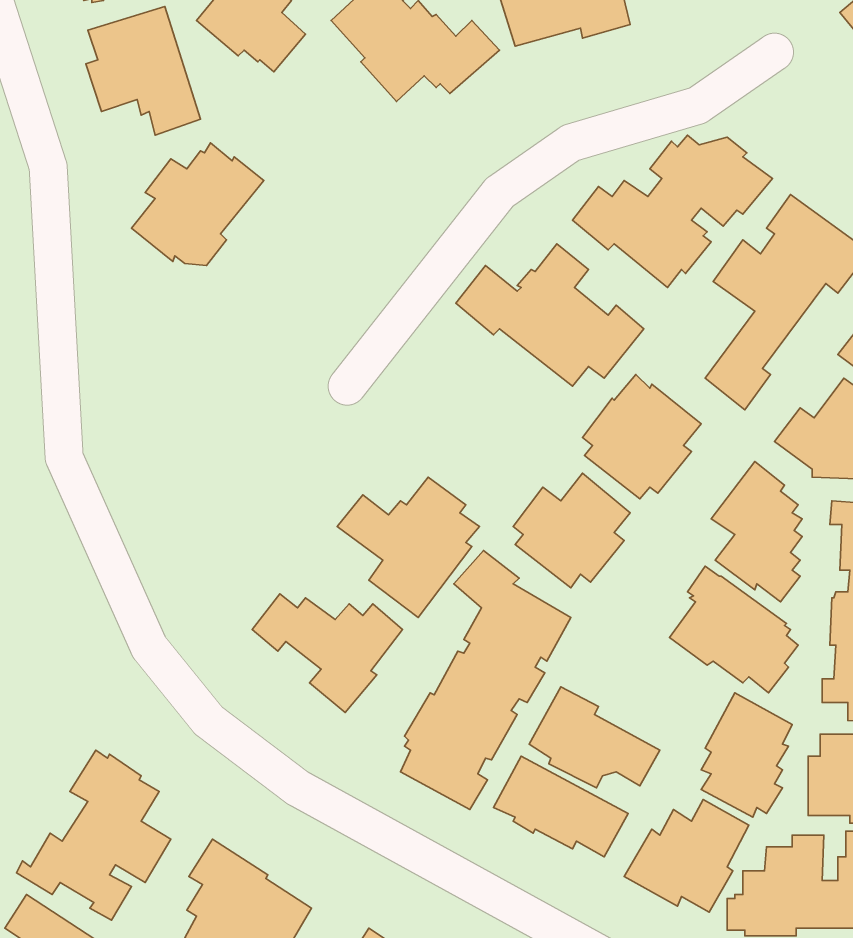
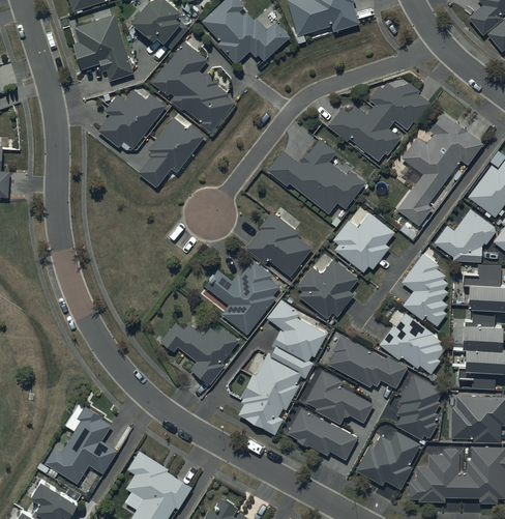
building: none -> [151,41,234,133]
building: none -> [138,117,205,188]
building: none -> [245,207,311,277]
building: none -> [328,336,407,388]

